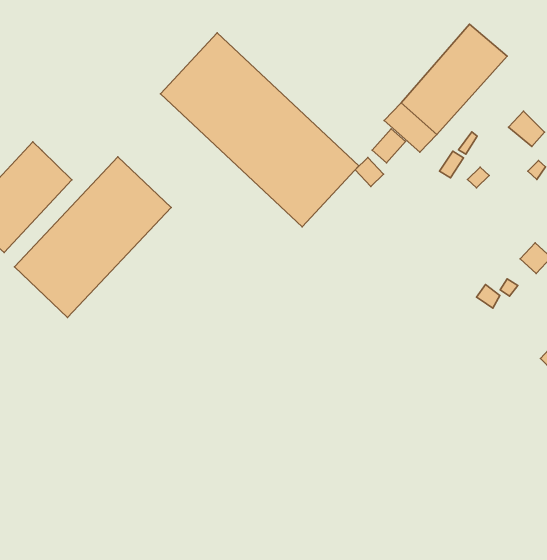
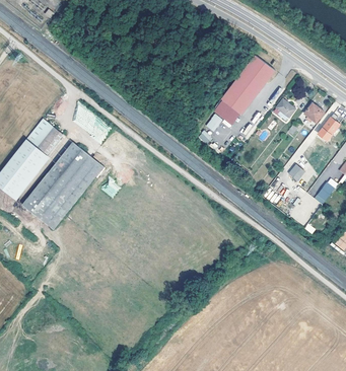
building: [161,33,359,227] -> none
building: none -> [31,121,65,155]

